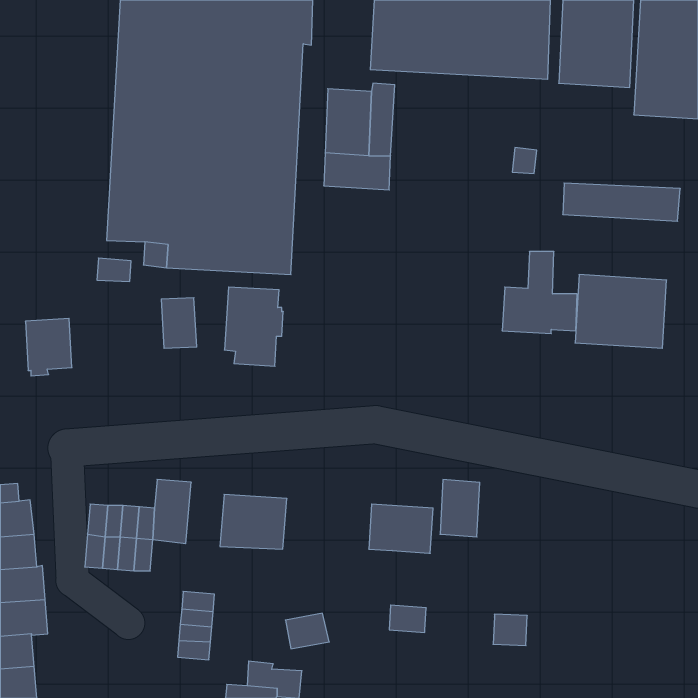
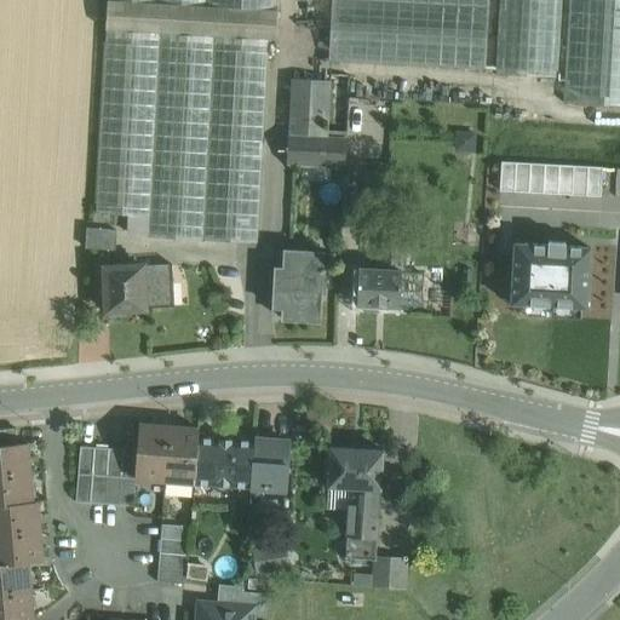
building: [502,252,577,334] -> [356,236,423,309]
building: [224,287,283,366] -> [274,251,326,321]
building: [25,318,72,376] -> [104,265,145,316]
building: [440,480,480,537] -> [345,488,380,539]
building: none -> [165,427,199,484]
building: none -> [251,440,288,490]
building: [493,614,527,646] -> [375,558,406,586]

